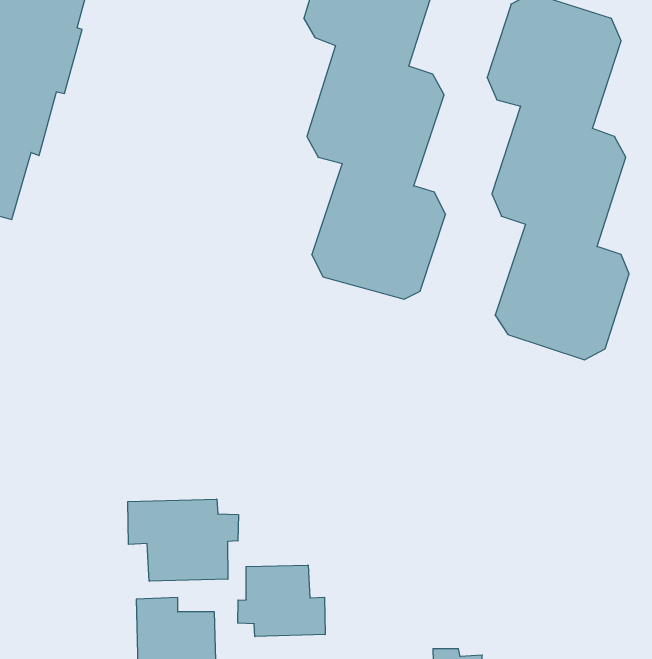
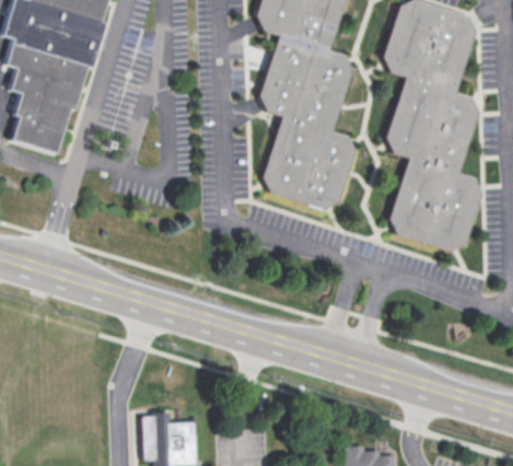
building: [128,499,238,581] -> none
building: [238,565,325,637] -> none

